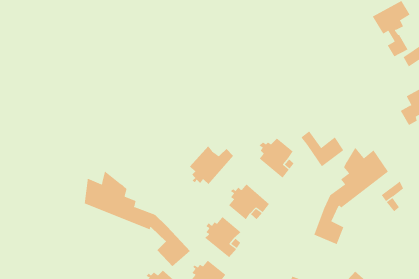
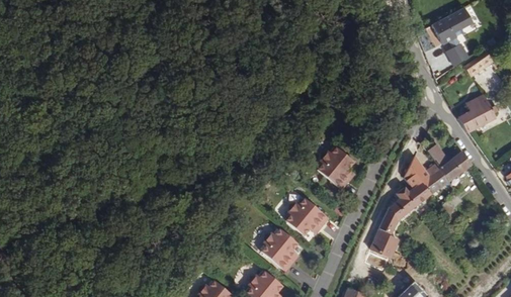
building: [301,130,344,167] -> [427,144,472,182]
building: [189,145,234,185] -> none
building: [84,170,191,267] -> none

